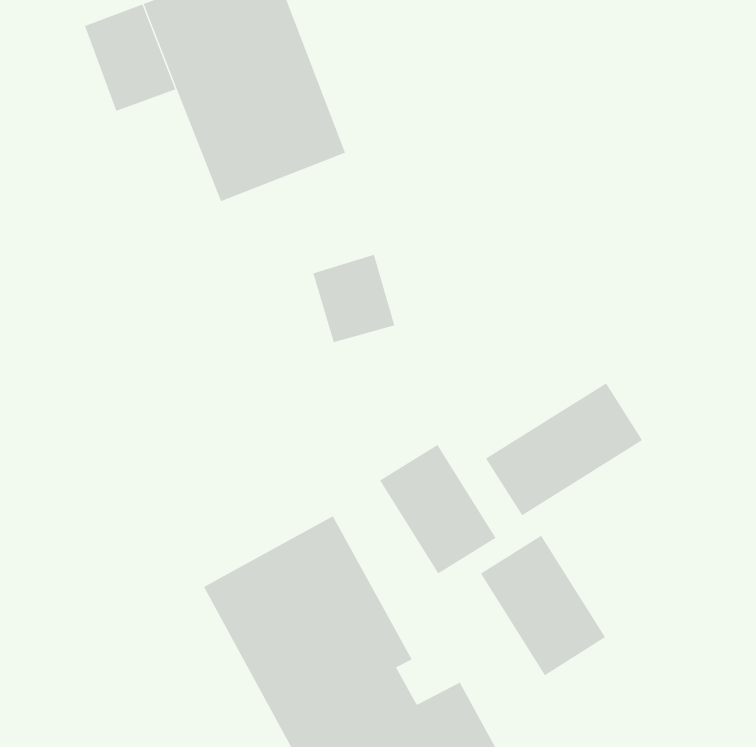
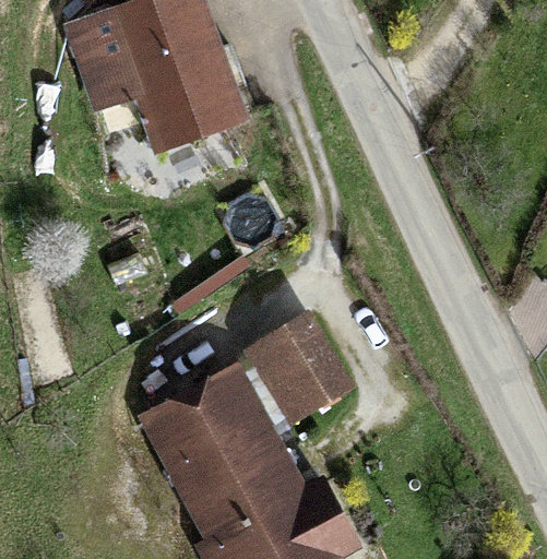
building: [485,382,643,516] -> none
building: [480,535,606,676] -> none

